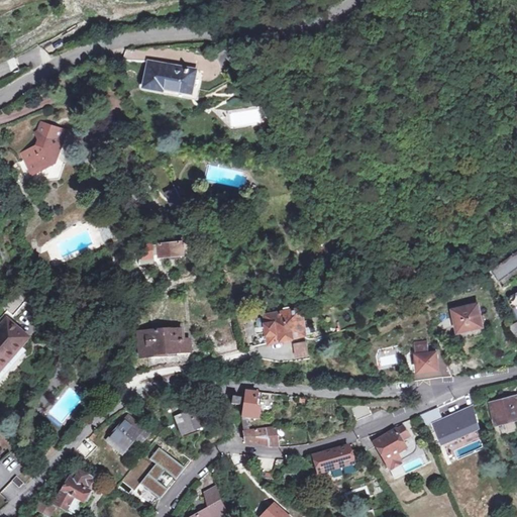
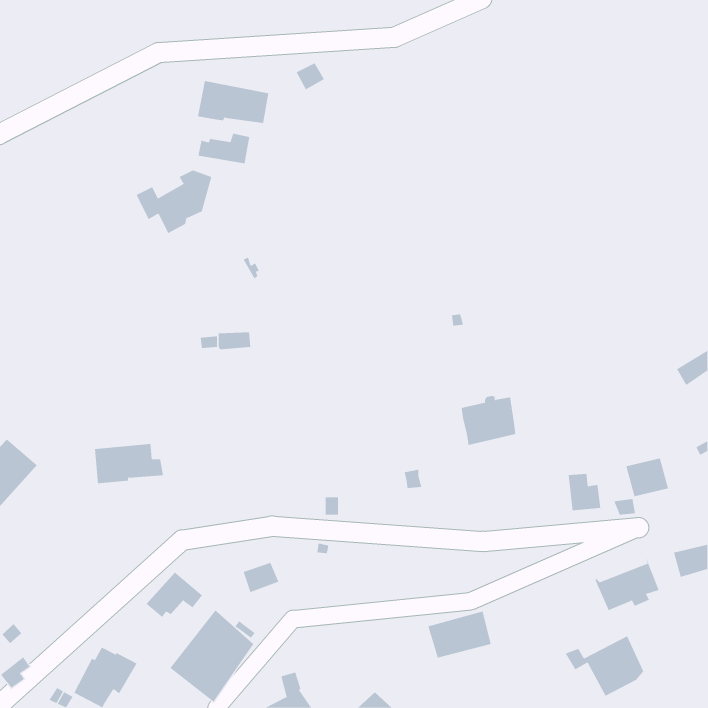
building: none -> [198,133,250,164]
building: [7,132,63,179] -> [136,170,212,234]
building: [450,303,482,331] -> [626,458,669,497]
building: [265,306,305,342] -> [461,395,516,445]
building: [138,328,189,357] -> [94,443,164,484]
building: [241,390,278,445] -> none
building: [358,425,416,470] -> [565,636,644,697]

